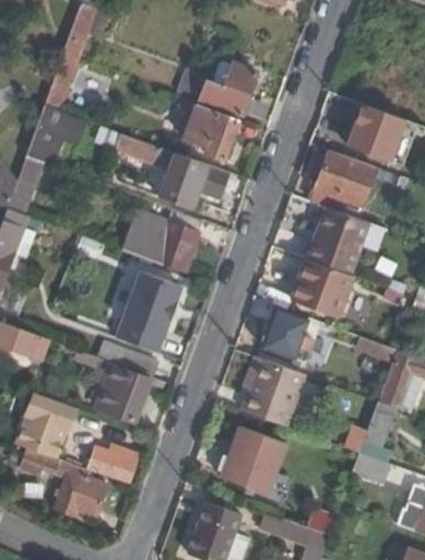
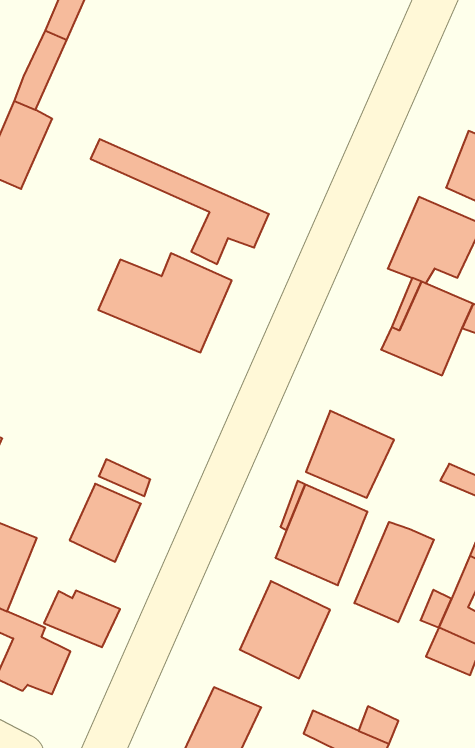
building: [199,58,255,114] -> none
building: [184,107,236,158] -> none
building: [294,261,353,318] -> none
building: [116,269,181,352] -> none
building: none -> [354,522,434,622]

